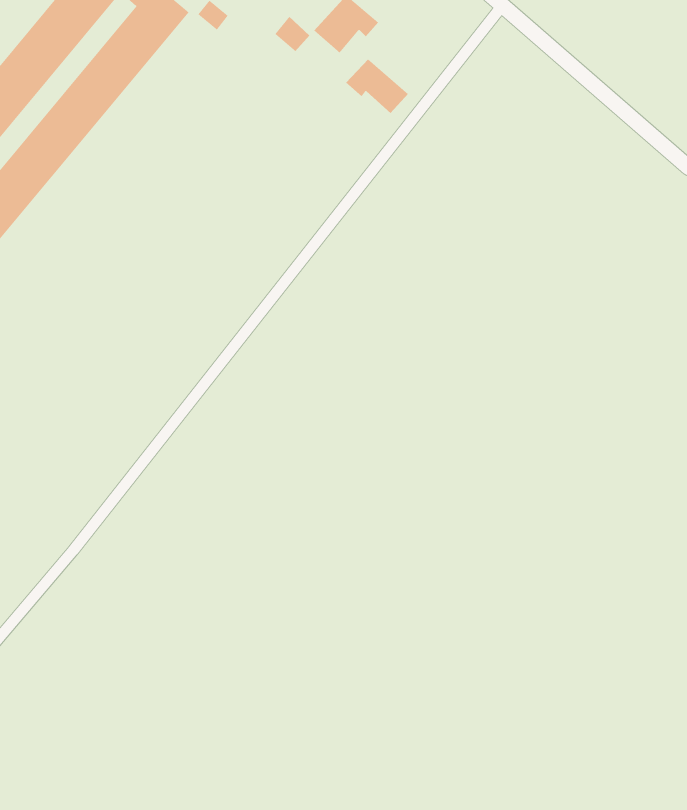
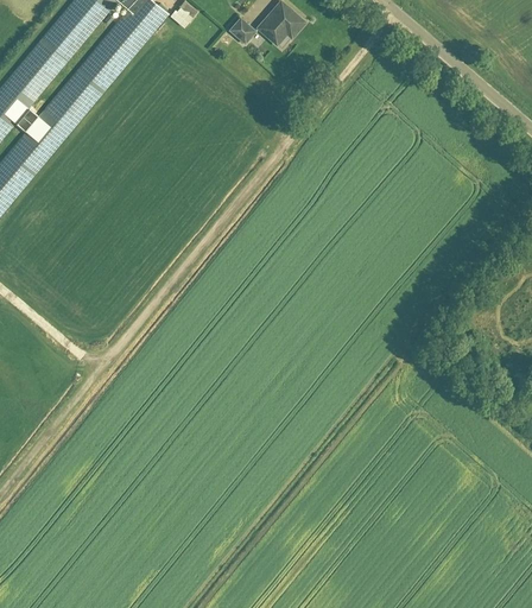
building: [345,58,409,114] -> none

